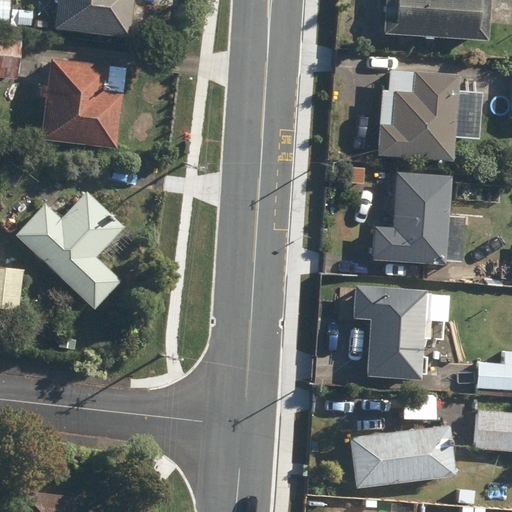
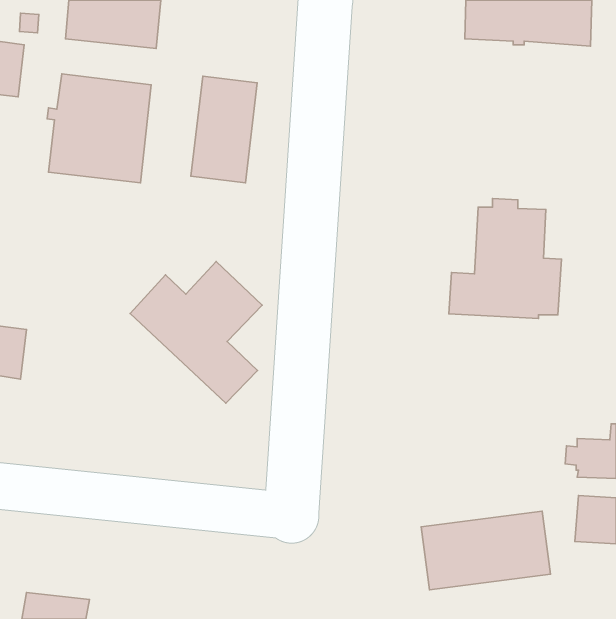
building: none -> [191,76,257,183]
building: [378,69,459,159] -> none
building: [15,194,124,311] -> [130,261,262,403]
building: [353,284,449,377] -> none

